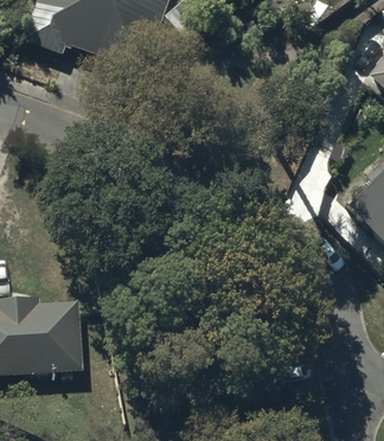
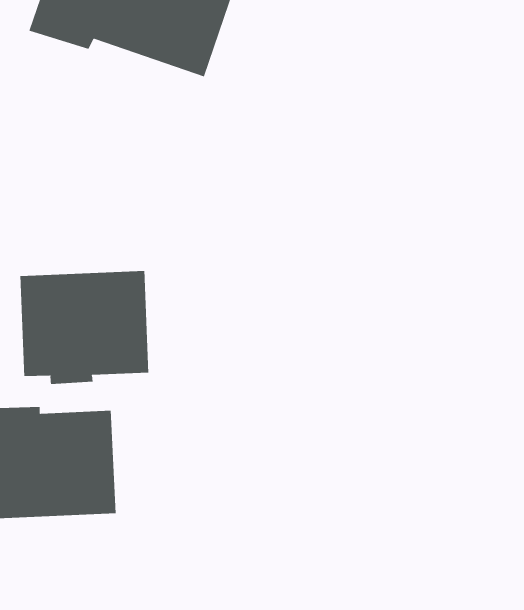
building: none -> [20,270,149,385]

